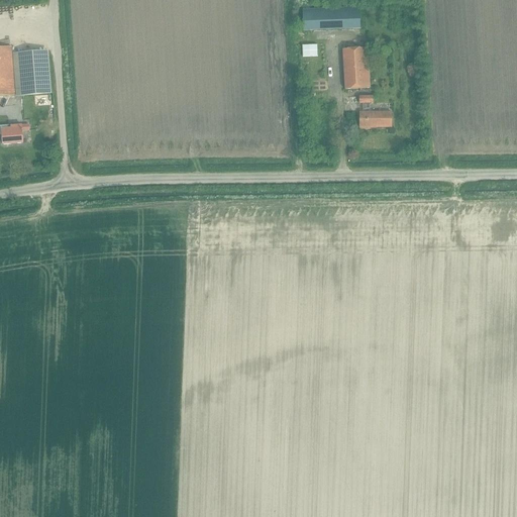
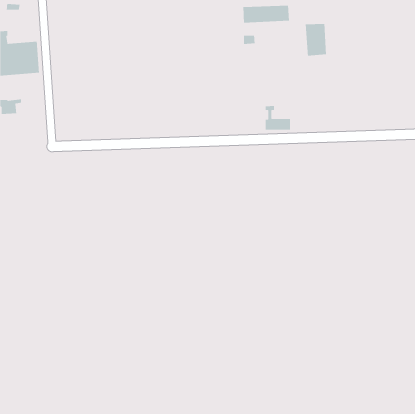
building: [341,46,369,88] -> [305,23,327,57]
building: [358,94,391,125] -> [265,105,291,130]

